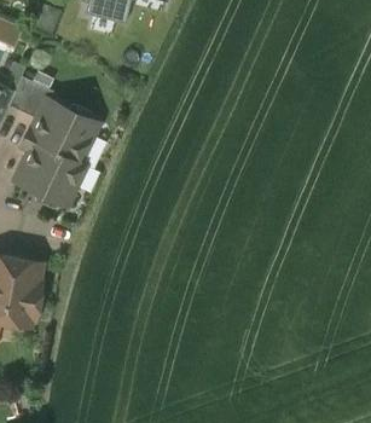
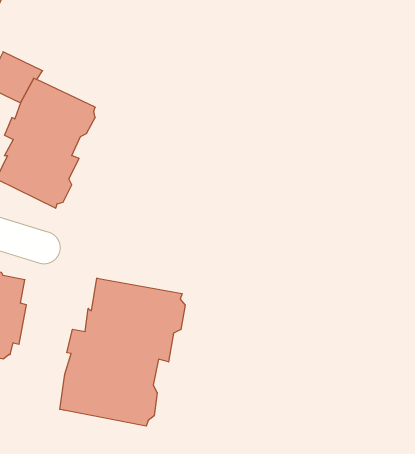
building: none -> [60,278,185,426]

